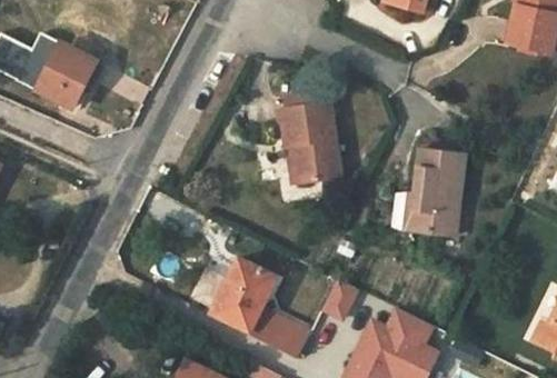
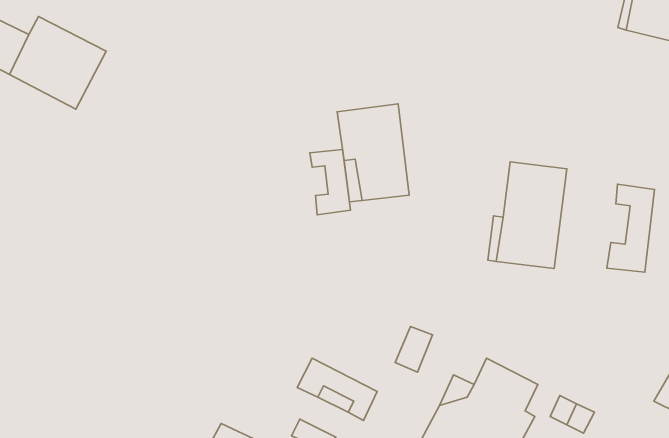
building: none -> [310,149,351,215]
building: none -> [607,184,655,272]
building: [211,258,275,331] -> none

